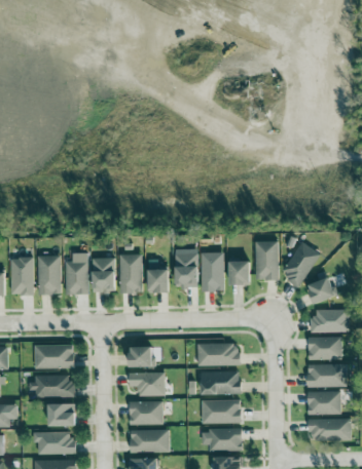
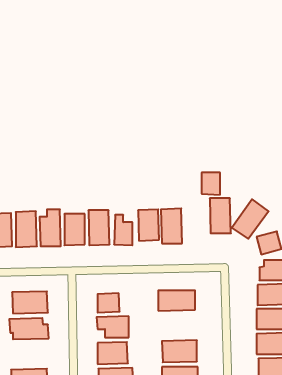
building: [229,262,250,286] -> [202,173,220,195]
building: [201,372,241,395] -> none
building: [48,404,75,427] -> none

